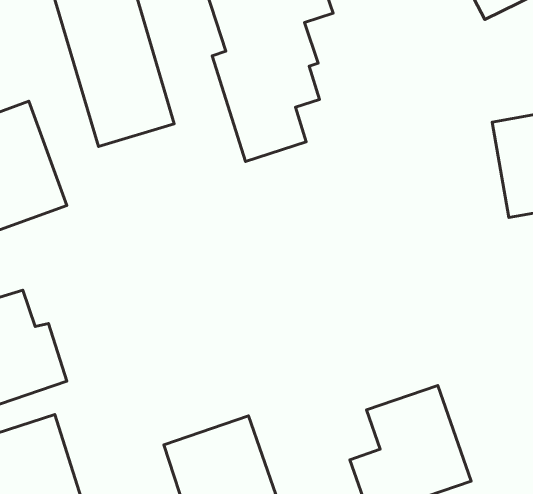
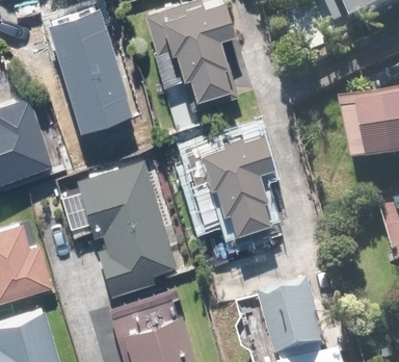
building: none -> [183,126,271,265]
building: none -> [56,156,180,293]

